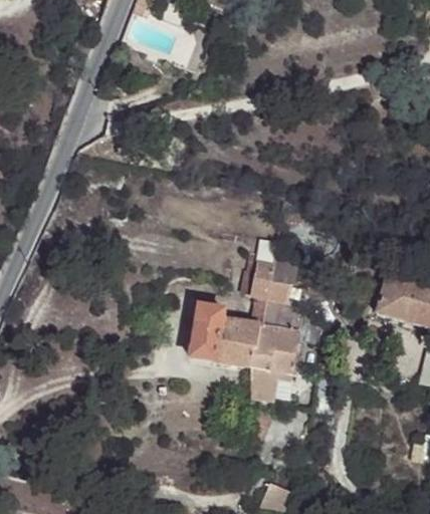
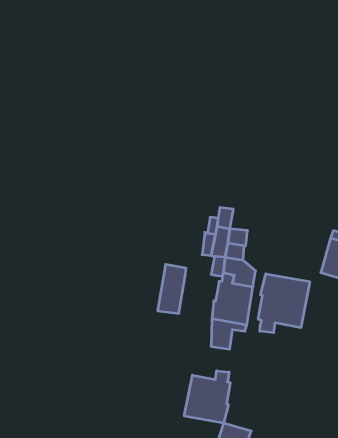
building: none -> [258,274,310,333]
building: [215,317,260,365] -> none
building: none -> [184,371,230,423]

